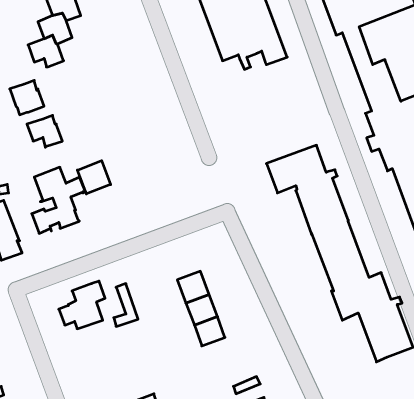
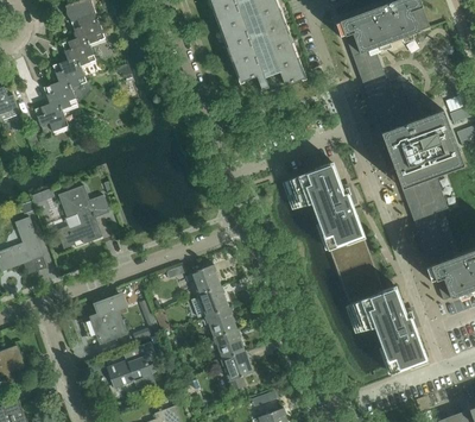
building: [27,115,62,147] -> [43,78,77,109]
building: [77,161,111,194] -> none
building: none -> [190,264,220,294]
building: none -> [106,342,158,389]
building: none -> [221,349,252,390]

